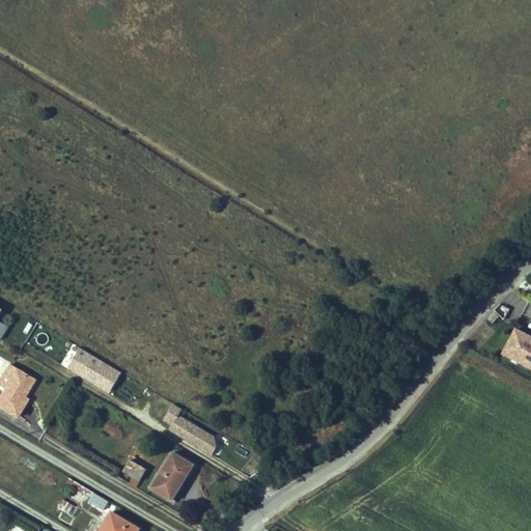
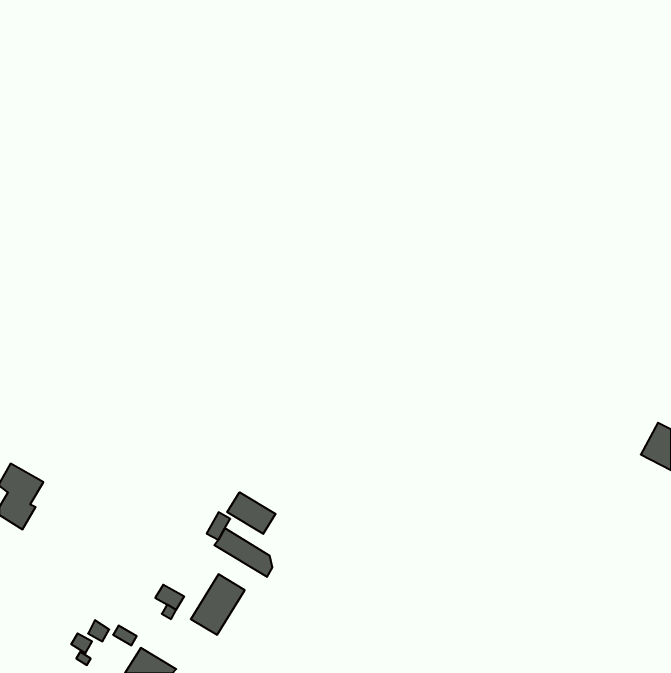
building: [66,347,120,393] -> none
building: none -> [227,492,276,534]

